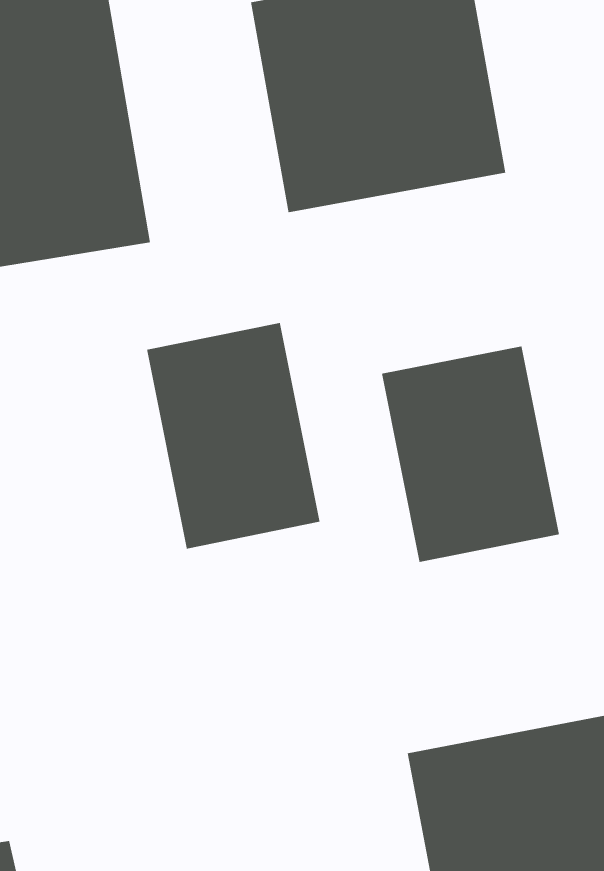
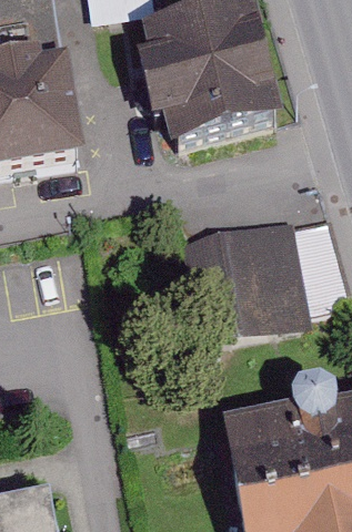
building: [146,322,320,549] -> none

